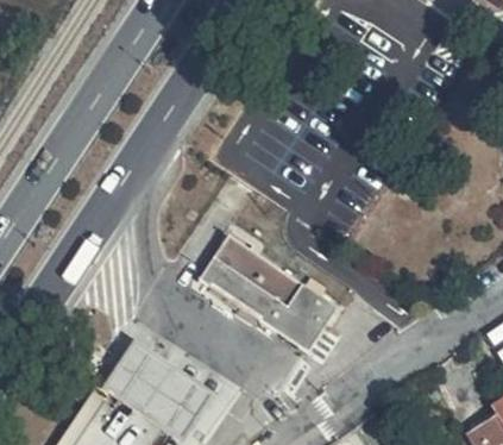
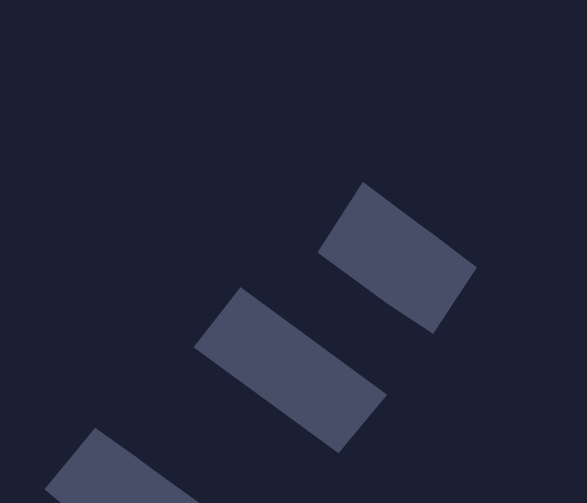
building: none -> [317,181,478,335]

